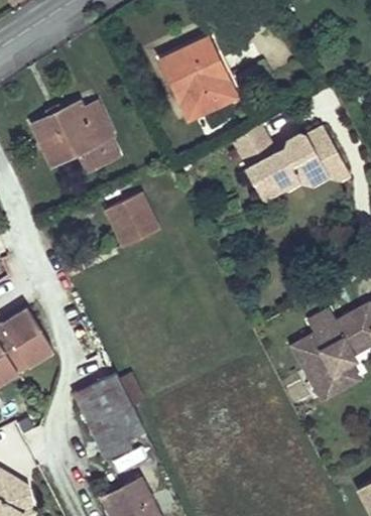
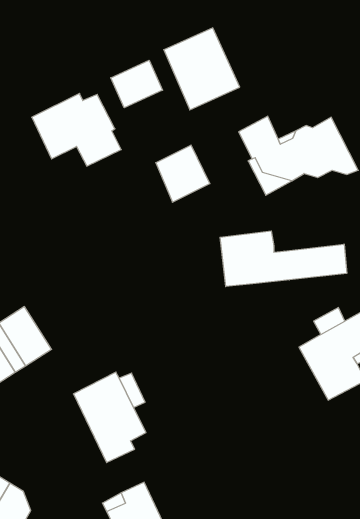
building: none -> [111,60,163,108]
building: [106,192,158,248] -> [156,145,210,202]
building: none -> [220,231,347,287]

